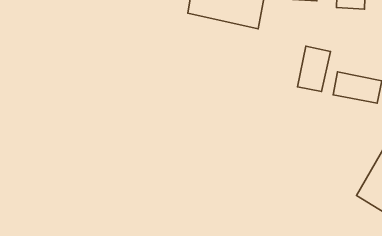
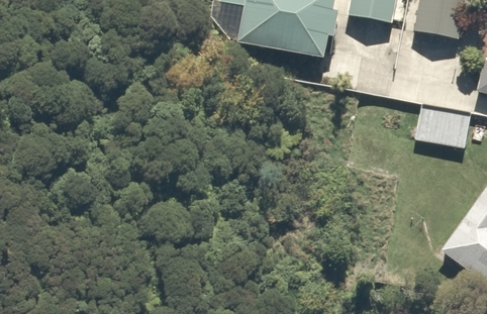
building: [298,46,330,91] -> none

